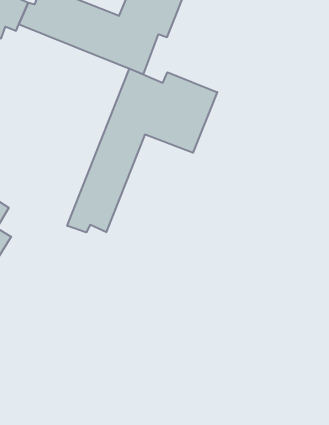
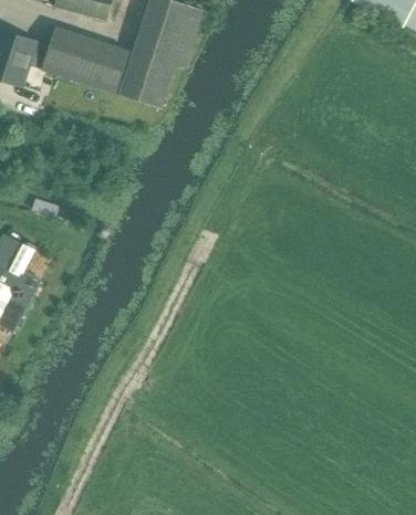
building: [67,68,217,232] -> none

